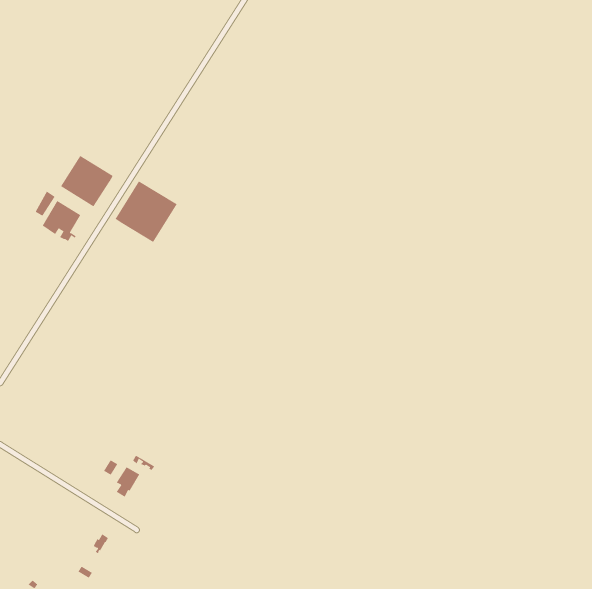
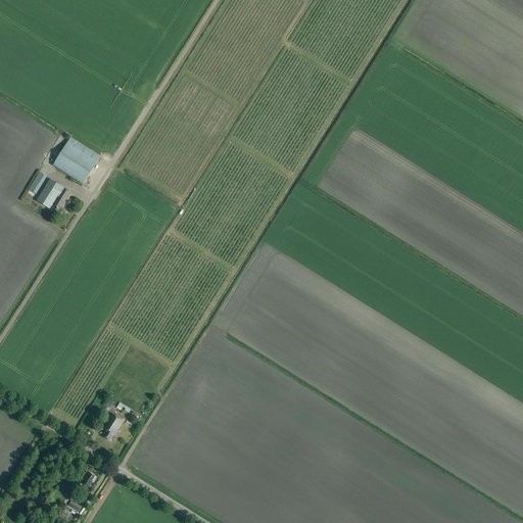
building: [115,180,177,243] -> none

